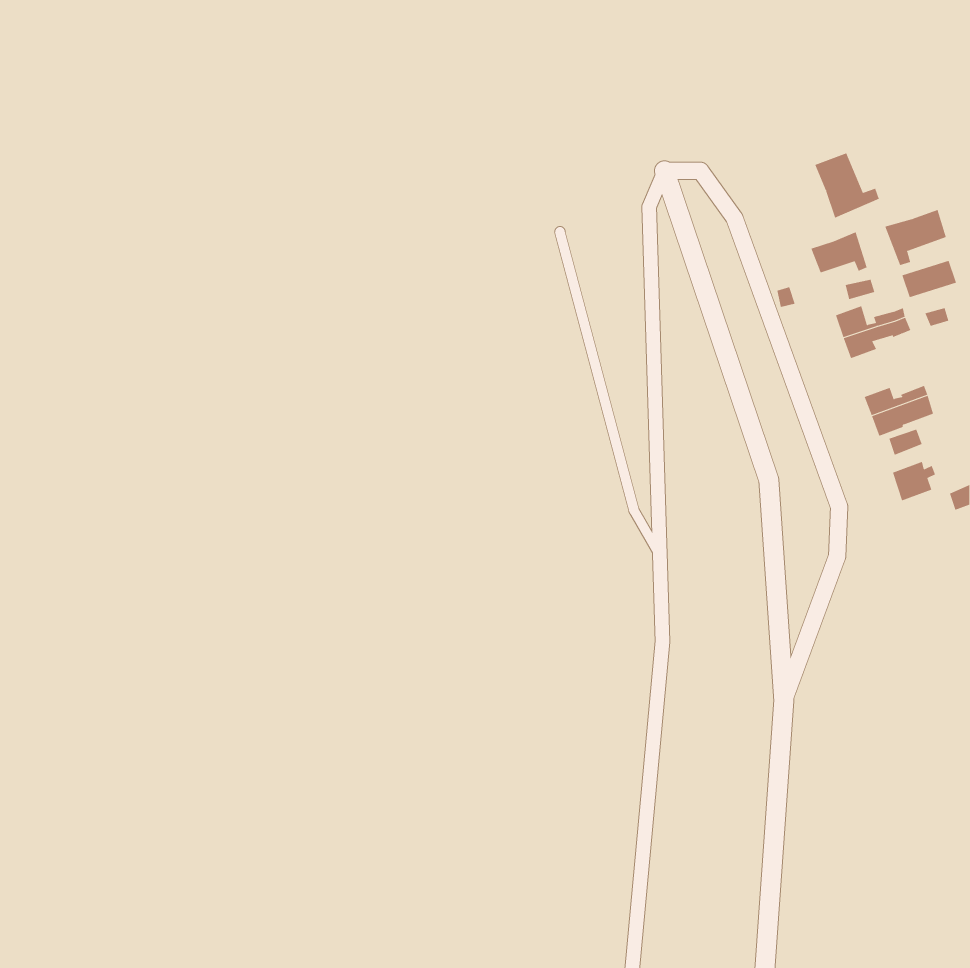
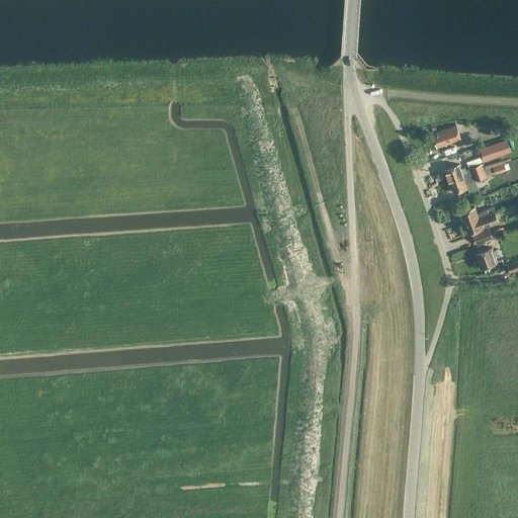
building: [814,153,880,219] -> none
building: [885,209,947,266] -> none

